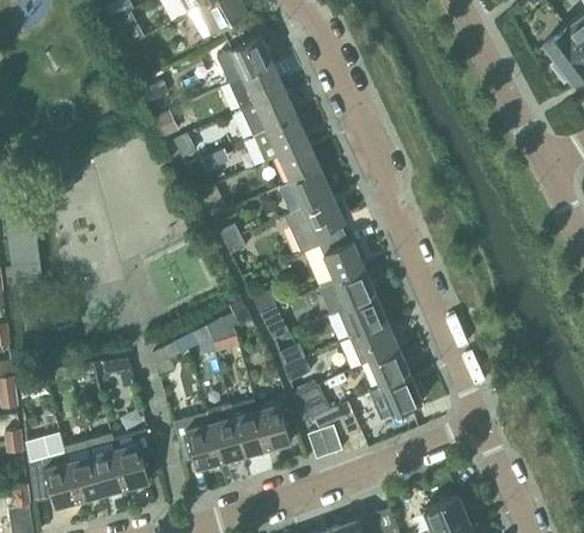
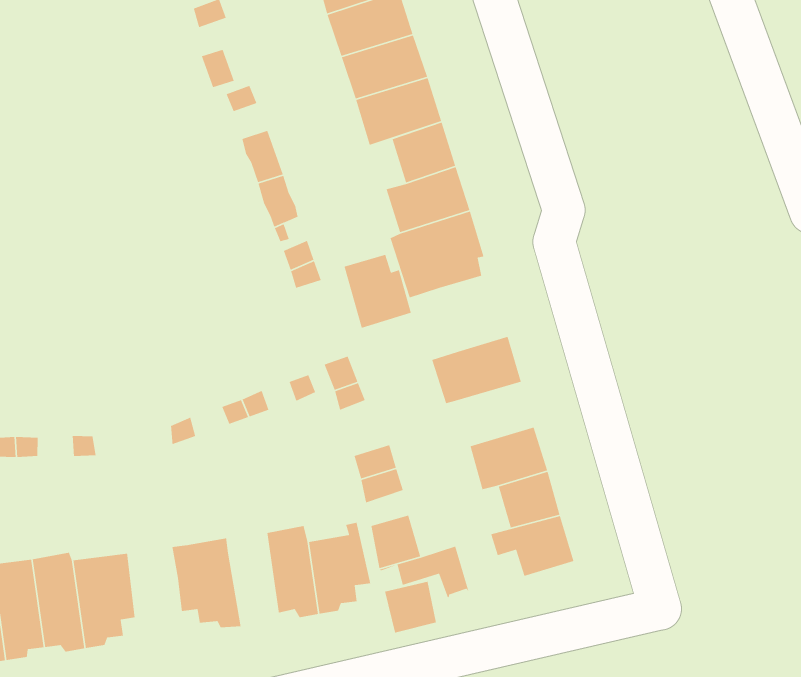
building: [318,234,364,281] -> [343,254,412,329]
building: [336,296,387,339] -> none
building: [206,404,243,467] -> none

